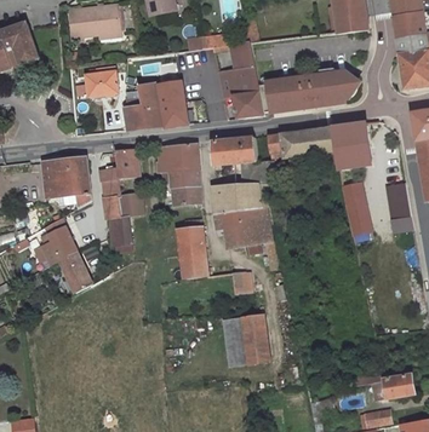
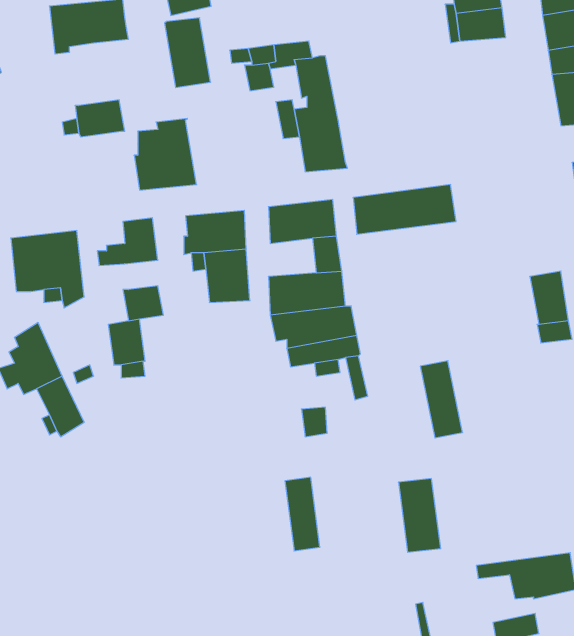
building: [258,71,355,111] -> none
building: [158,80,188,126] -> [165,18,211,88]
building: [332,121,372,167] -> none
building: [101,178,120,218] -> none
building: [341,180,368,231] -> [420,361,463,438]
building: [177,226,207,277] -> none
building: [240,316,268,364] -> [398,479,441,552]

